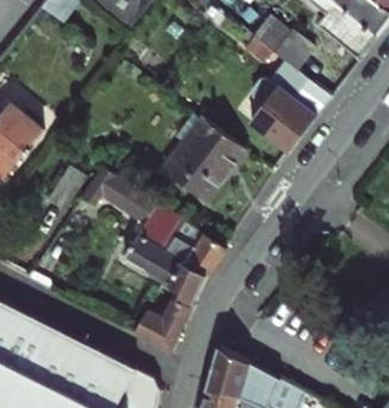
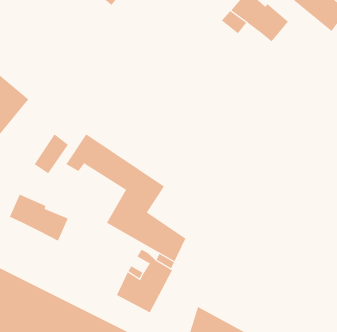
building: [249,60,330,151] -> none
building: [164,117,245,201] -> none
building: [167,221,226,278] -> none
building: none -> [9,194,68,241]

